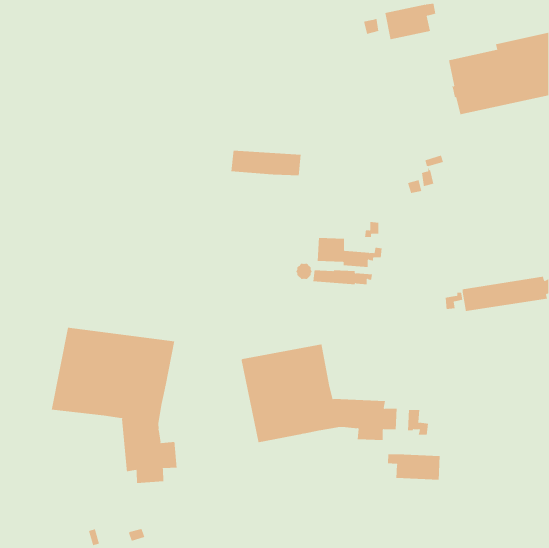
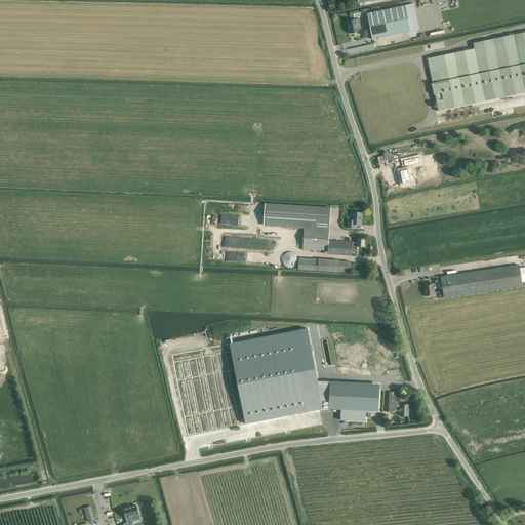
building: [231,150,302,176] -> [264,203,331,228]
building: [51,327,177,484] -> none
building: [387,453,440,481] -> none

